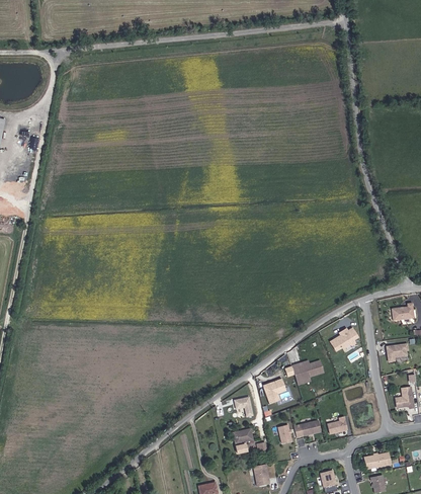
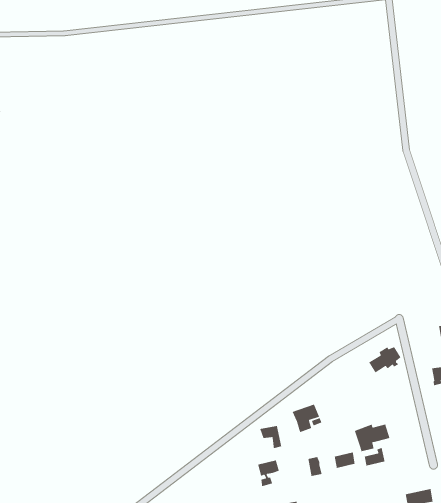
building: [292,359,325,385] -> [354,424,391,452]

